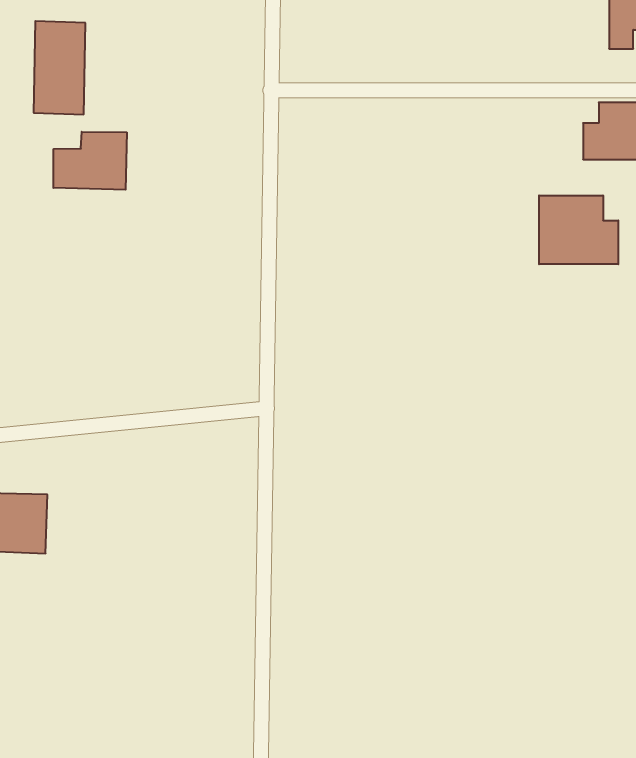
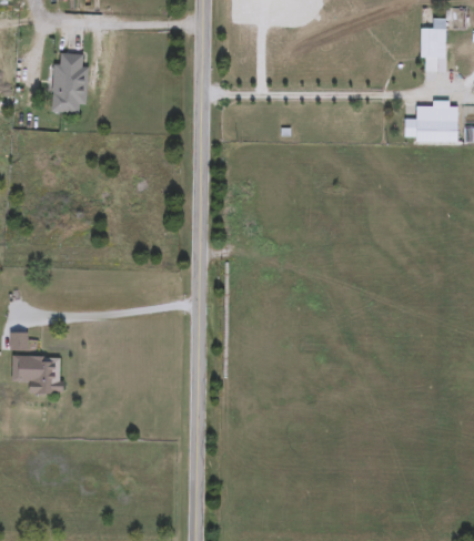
building: [53,132,127,190] -> none
building: [539,195,618,264] -> none

